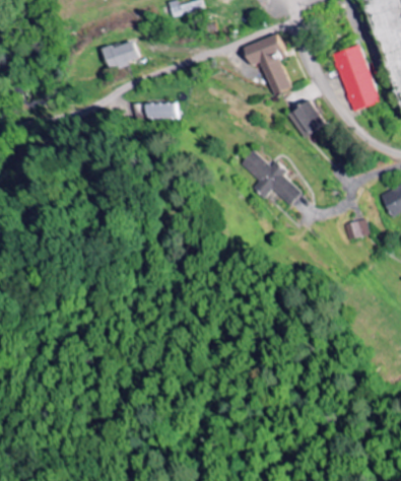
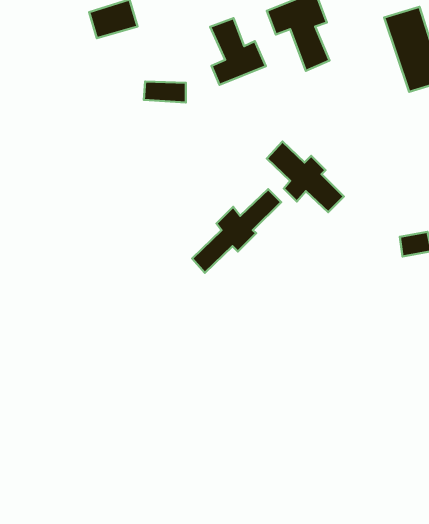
building: none -> [210,18,266,85]
building: [288,99,323,135] -> none
building: none -> [192,189,281,273]

